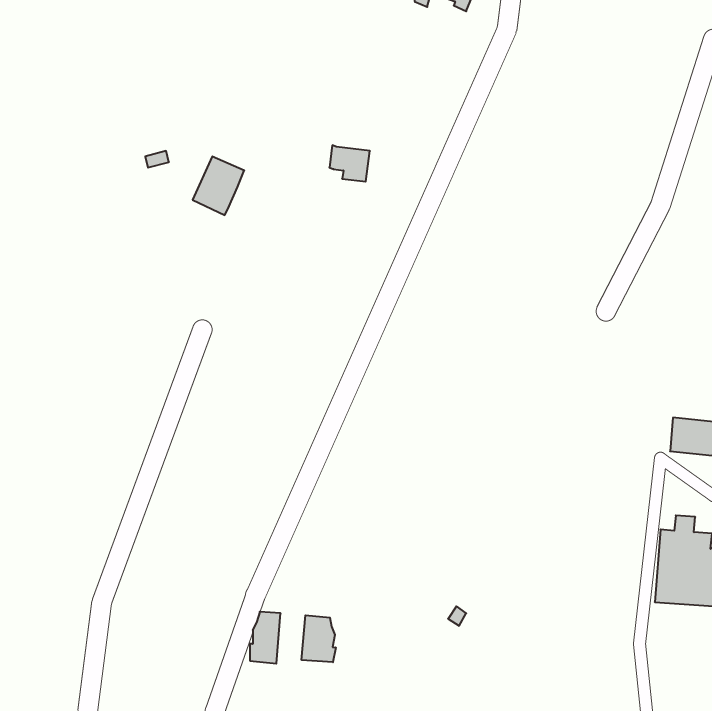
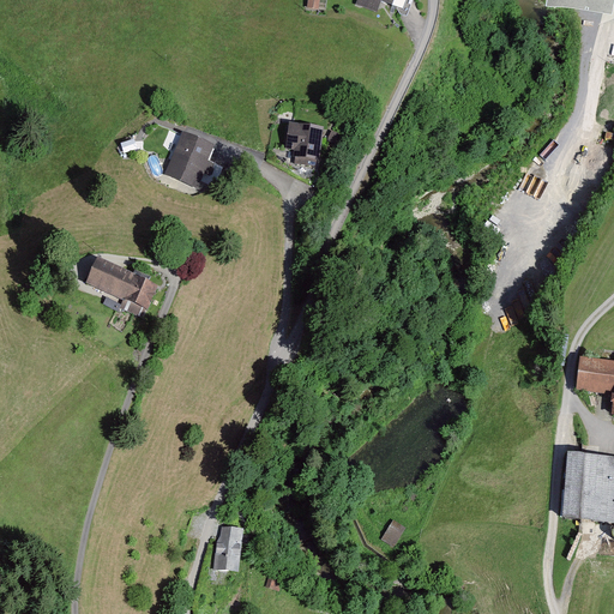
building: none -> [89,260,155,307]
building: [302,615,336,662] -> none

